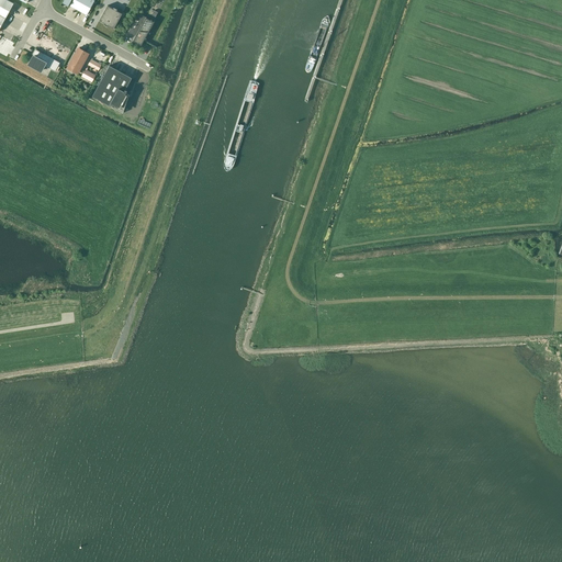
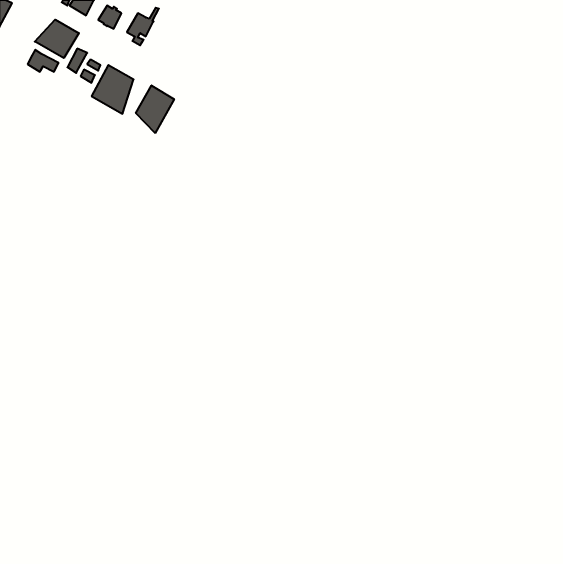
building: none -> [35,20,79,58]
building: none -> [136,85,174,133]

